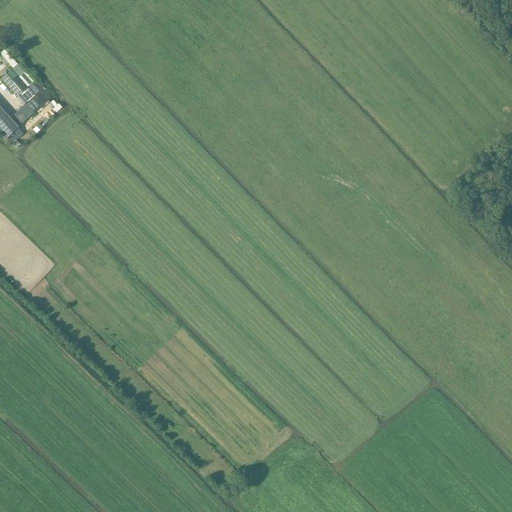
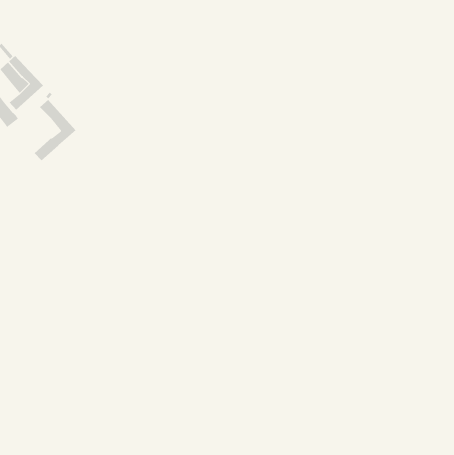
building: none -> [34,99,77,161]

